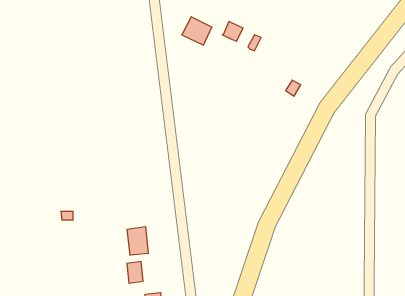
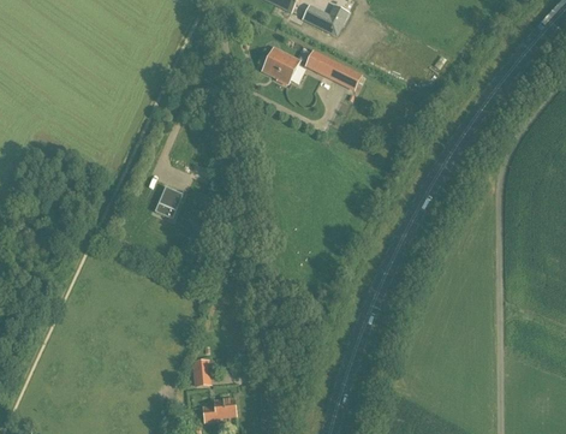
building: none -> [154,185,183,218]
building: [127,227,148,255] -> none

